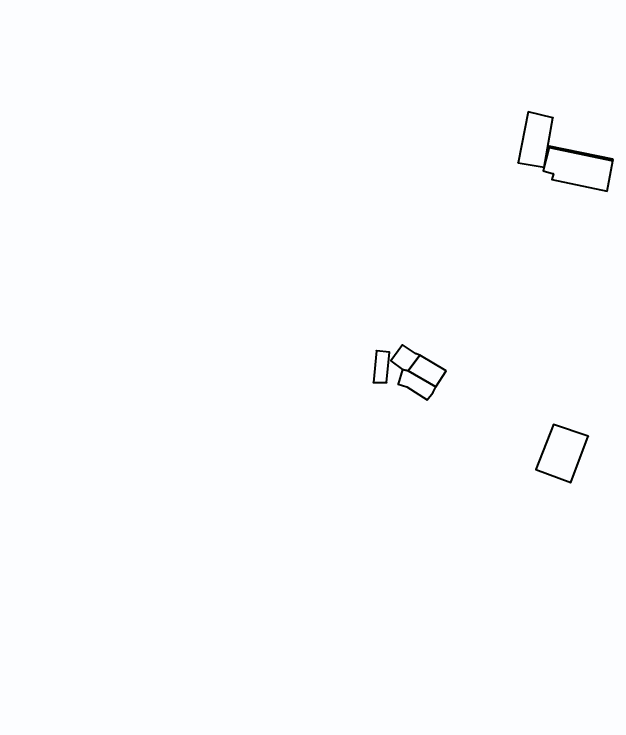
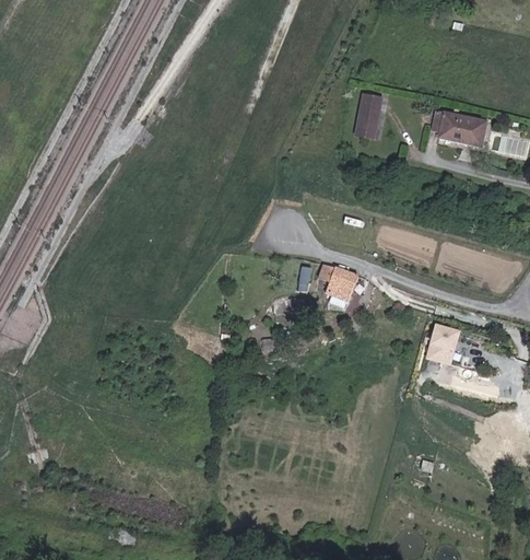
building: [518,112,553,167] -> [354,95,380,137]

